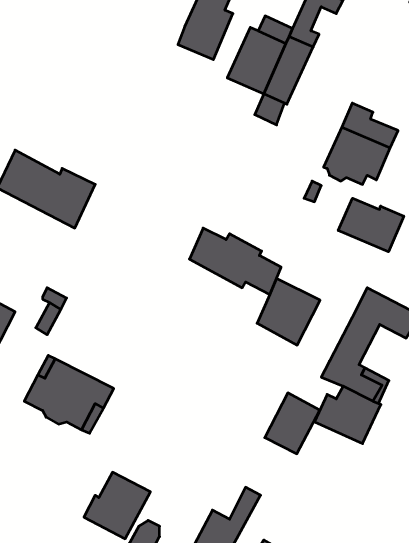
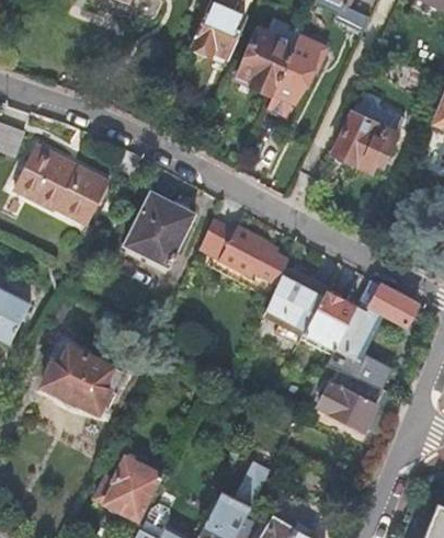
building: none -> [127,191,197,264]
building: [338,198,404,252] -> none
building: [265,393,320,454] -> [303,291,355,350]

